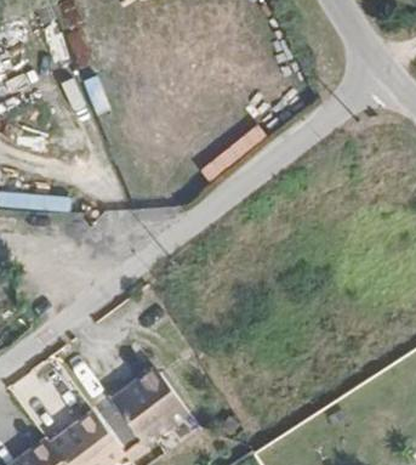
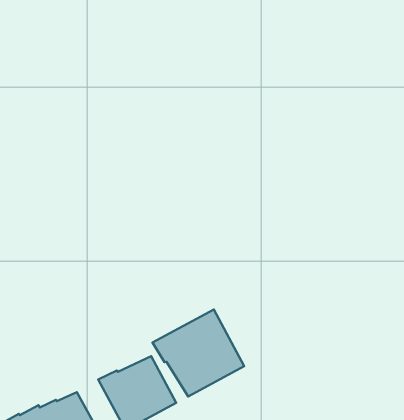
building: none -> [152,310,244,397]

